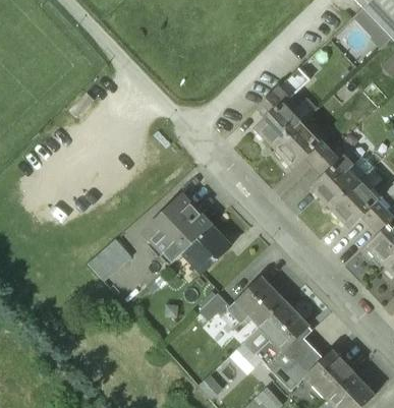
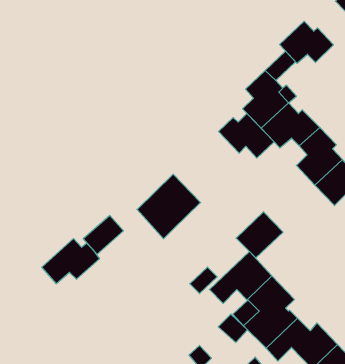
building: none -> [280,21,333,63]
building: none -> [219,114,274,158]
building: [182,226,231,274] -> [236,212,283,258]
building: none -> [42,239,99,284]

